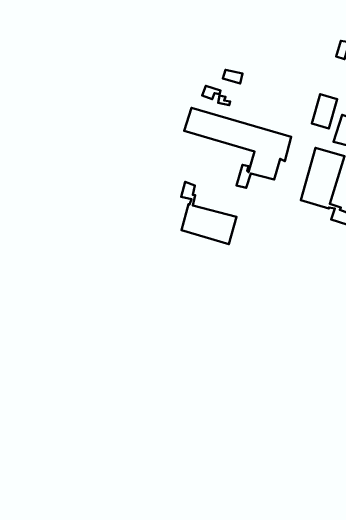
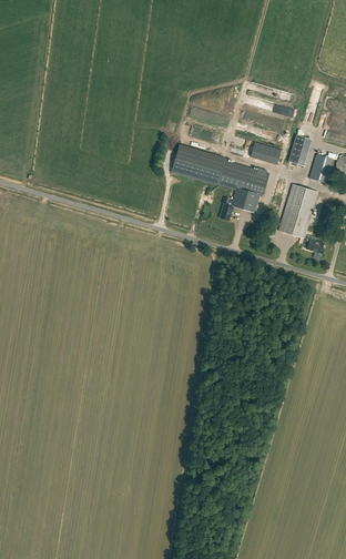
building: none -> [251,141,282,164]
building: [181,182,237,244] -> none

